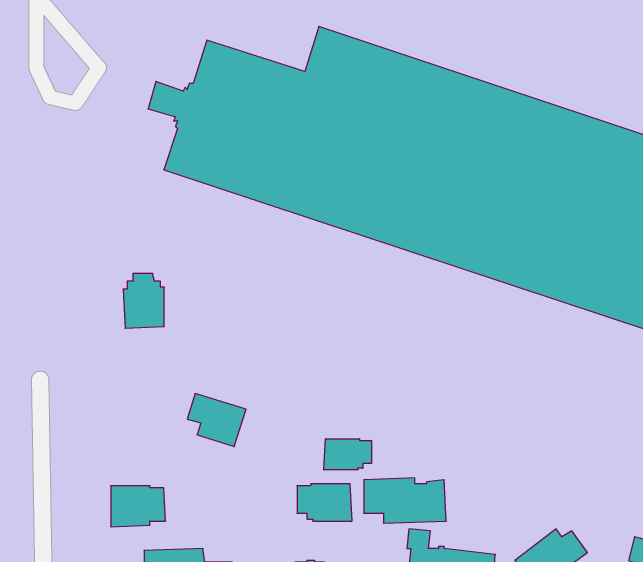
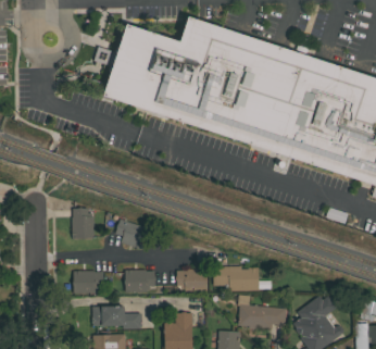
building: [123,273,164,328] -> [72,208,95,238]
building: [324,439,371,470] -> none
building: none -> [125,269,155,291]

